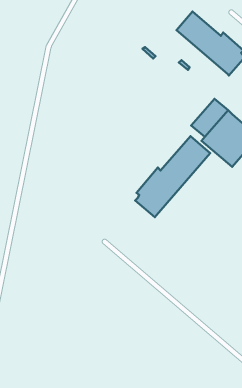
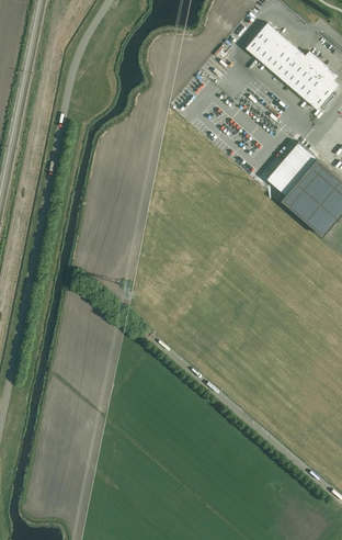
building: [135,136,210,217] -> none

